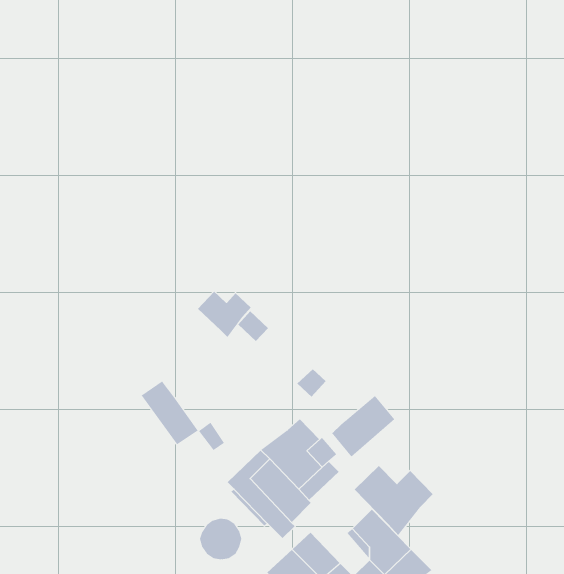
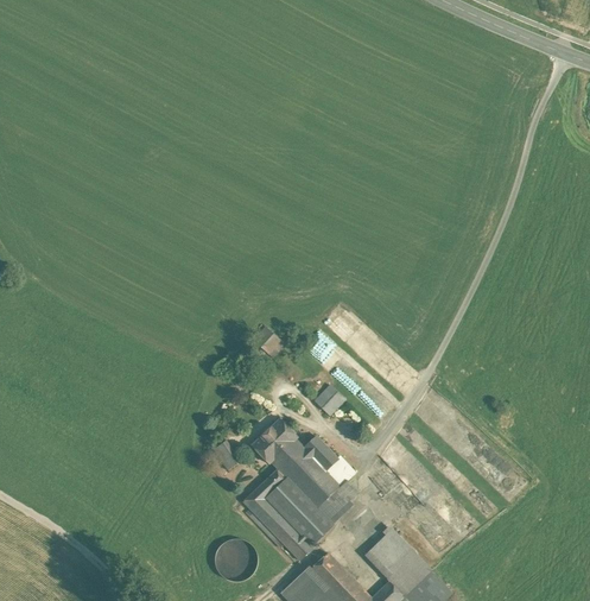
building: [197,291,251,338] -> none
building: [141,381,199,445] -> none
building: [331,395,395,458] -> none
building: none -> [250,418,304,469]
building: [354,465,434,536] -> none

